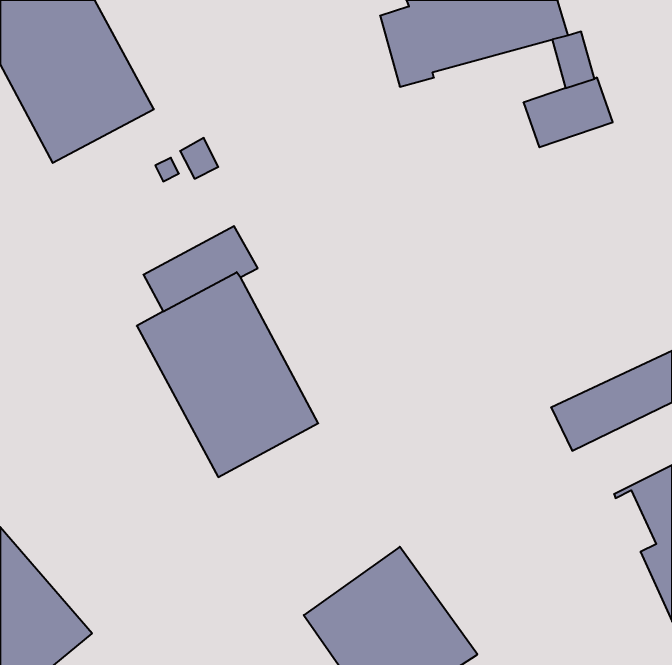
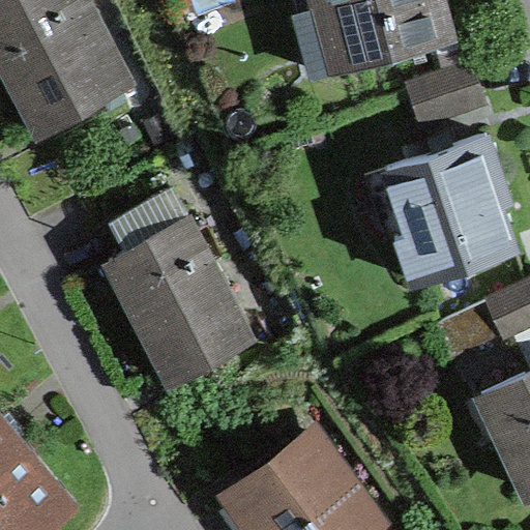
building: none -> [387,136,514,283]

